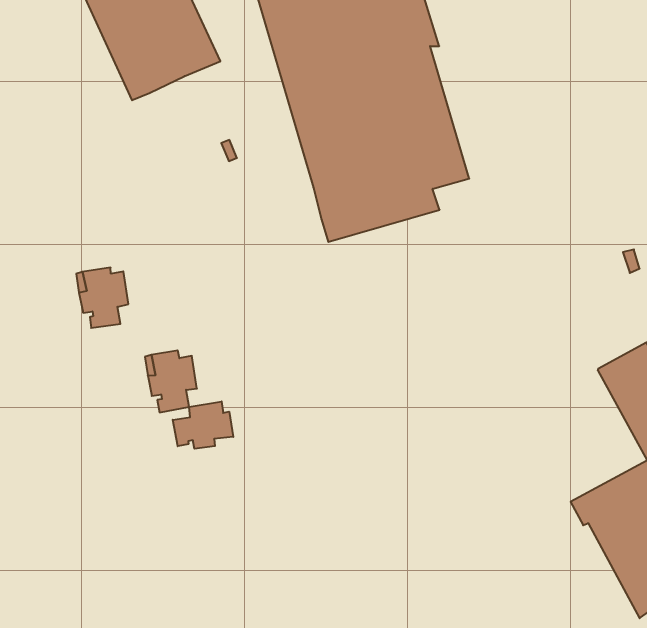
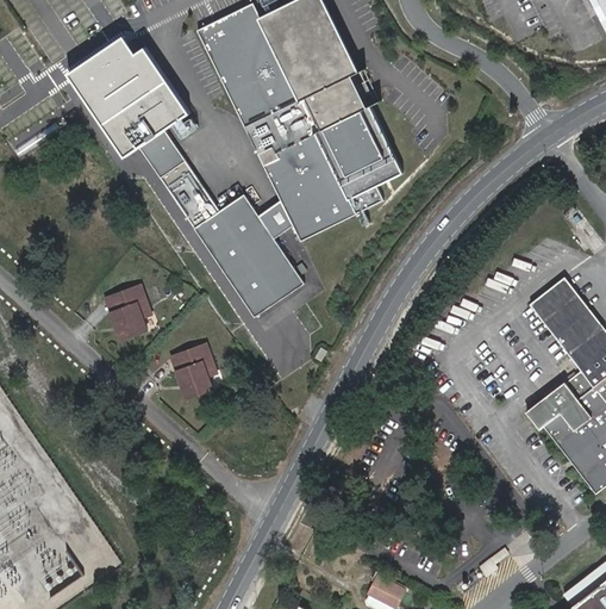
building: none -> [139,130,304,318]
building: [173,401,233,449] -> none

